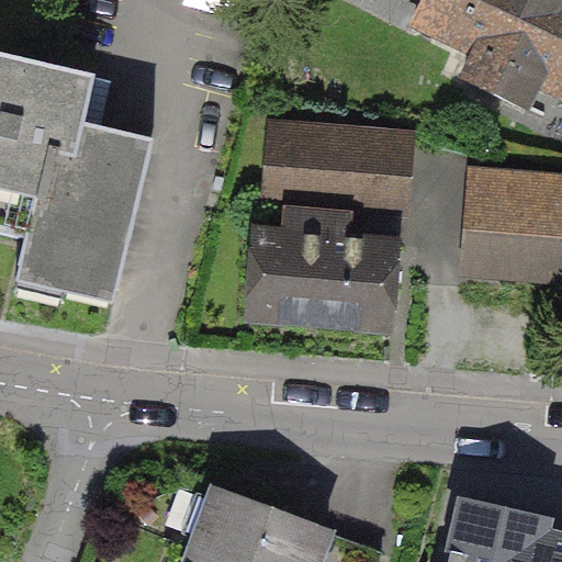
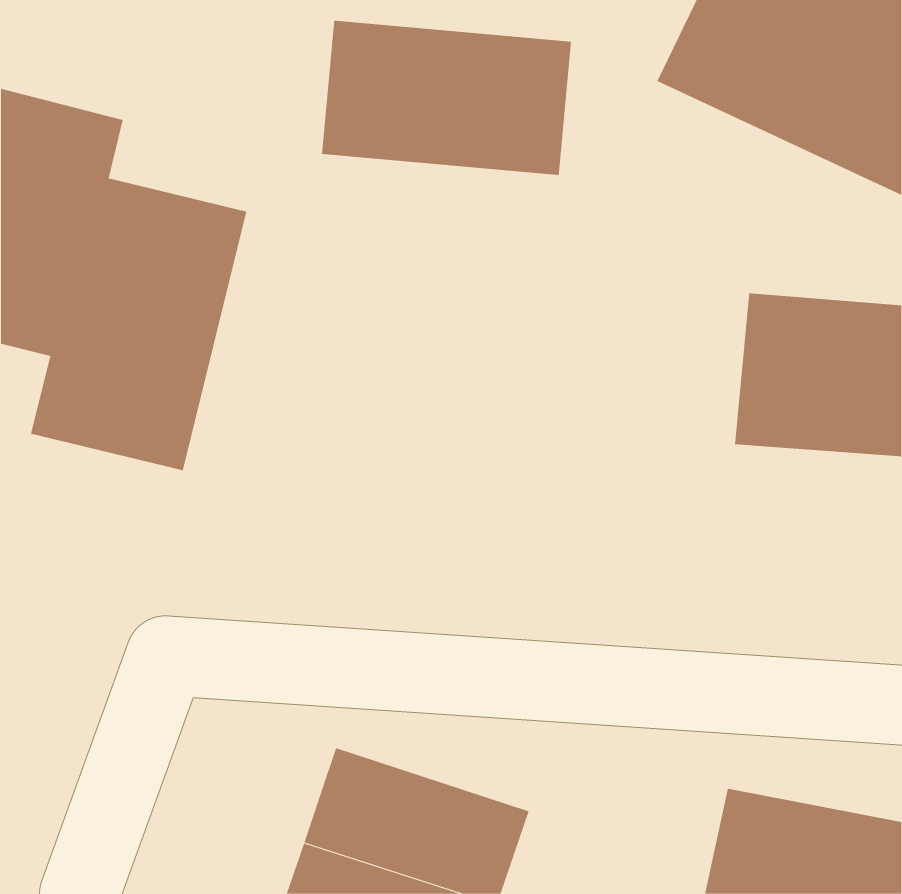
building: [259,125,415,222] -> [321,20,572,175]
building: [241,227,400,356] -> none

